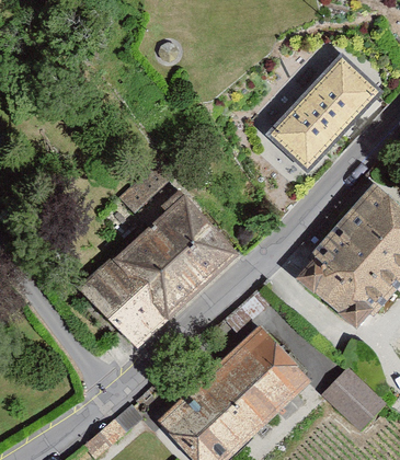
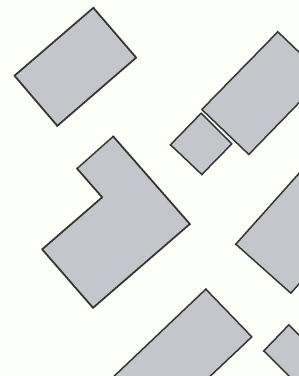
building: none -> [15,8,136,126]
building: none -> [170,113,232,175]

